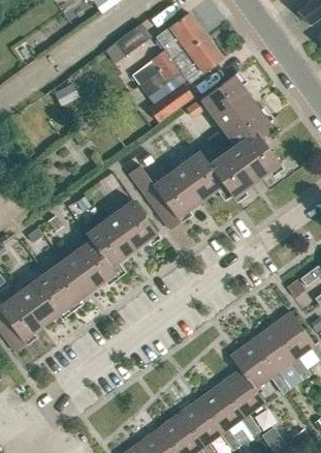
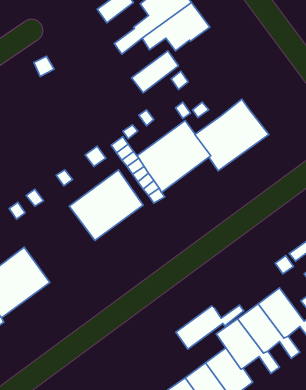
building: [199,74,274,146] -> none
building: [44,238,117,306] -> none
building: none -> [176,305,244,349]

